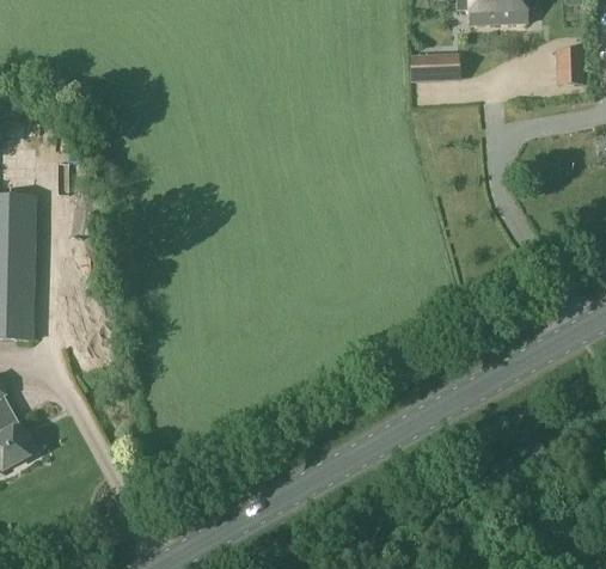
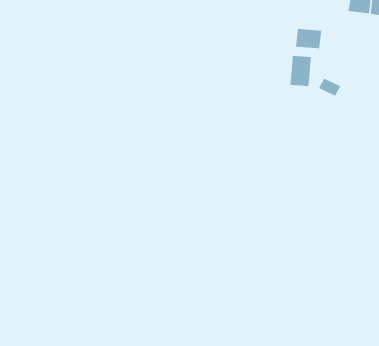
building: none -> [290,55,312,87]

